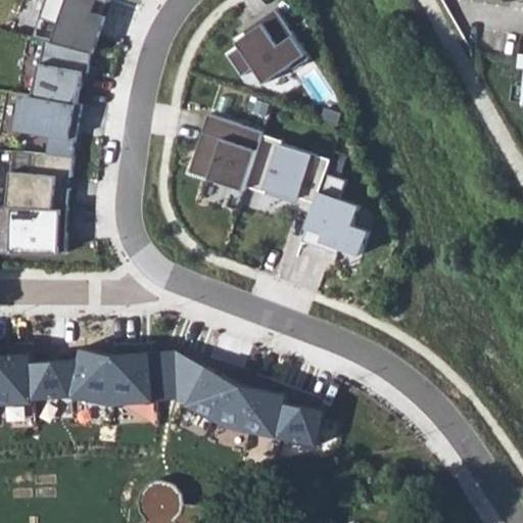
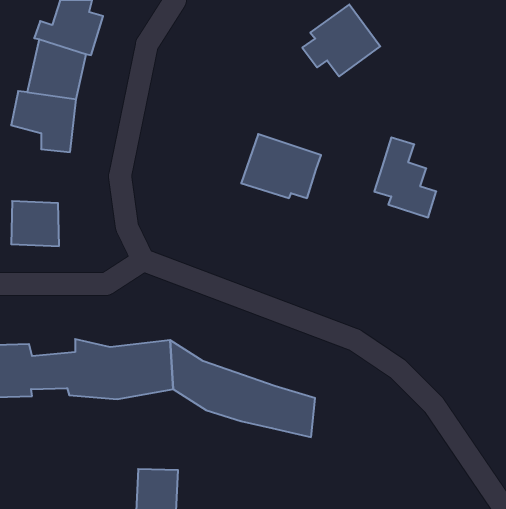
building: [224,12,303,86] -> [302,4,380,76]
building: [187,120,264,193] -> none
building: [5,153,72,209] -> none
building: [305,175,369,256] -> [374,137,436,217]

